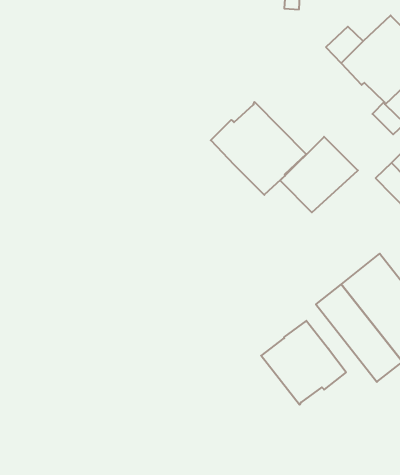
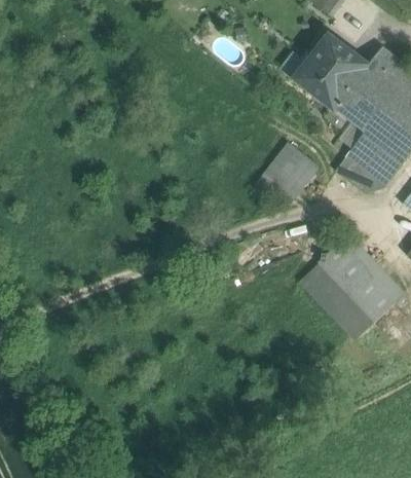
building: [211,102,306,195] -> none
building: [261,321,346,405] -> none

